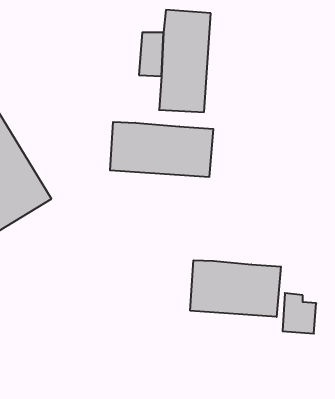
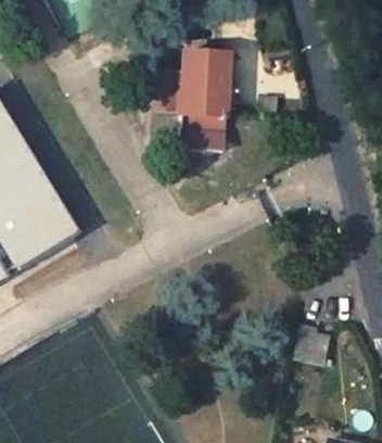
building: [110,122,213,177] -> none
building: [190,260,281,317] -> none

